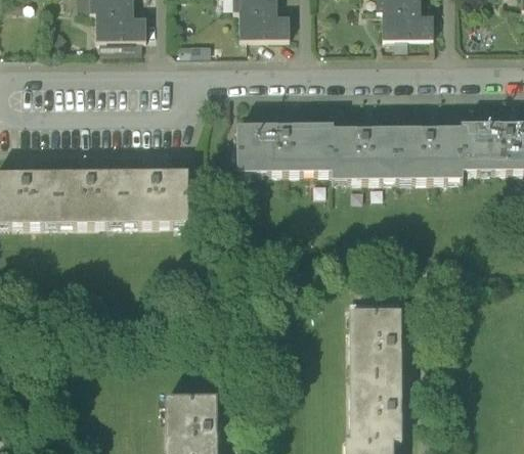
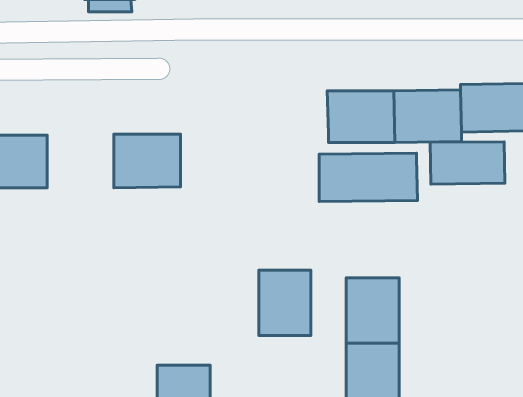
building: [237,123,333,170] -> [319,153,418,202]
building: [60,170,125,222] -> none
building: none -> [430,142,505,184]
building: none -> [259,270,311,336]

